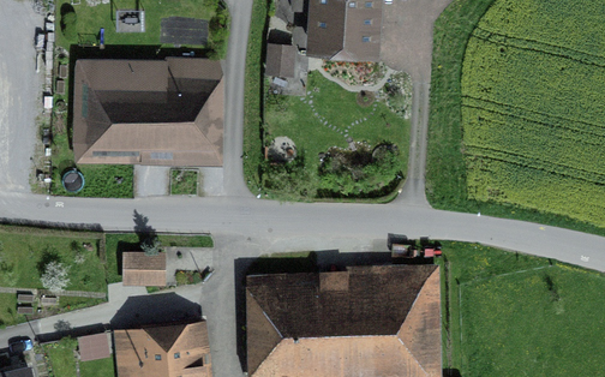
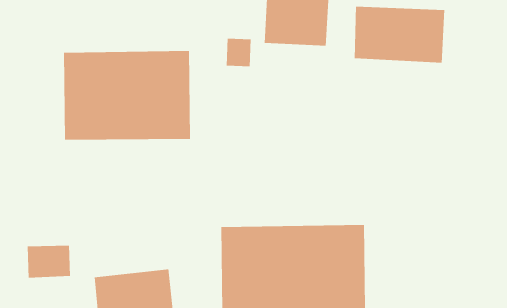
building: none -> [354,6,445,64]
building: [120,253,172,292] -> [27,245,71,278]

